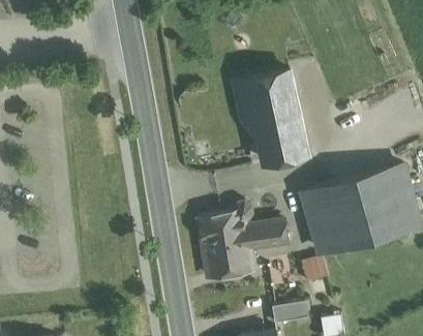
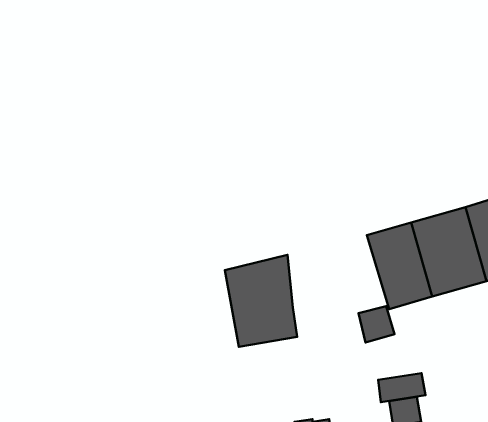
building: [246,71,307,164] -> none
building: [247,227,284,249] -> none
building: [272,302,307,324] -> [378,373,426,402]

